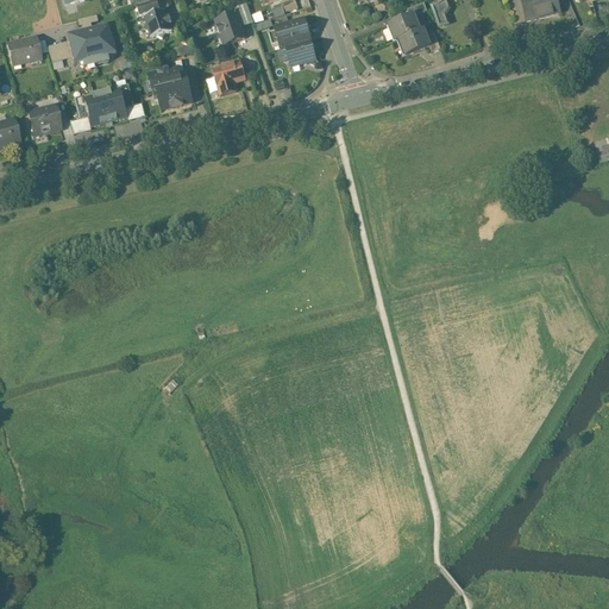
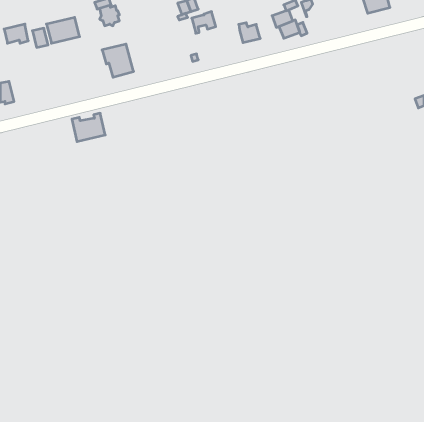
building: [215,12,245,43] -> none
building: [284,36,315,64] -> [239,23,260,43]
building: [213,61,245,94] -> none
building: [81,88,128,128] -> [72,113,105,142]
building: [26,102,61,134] -> none

